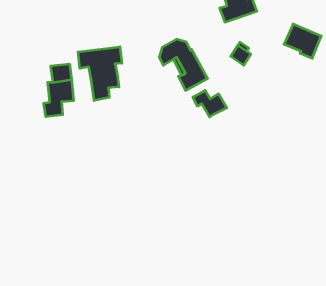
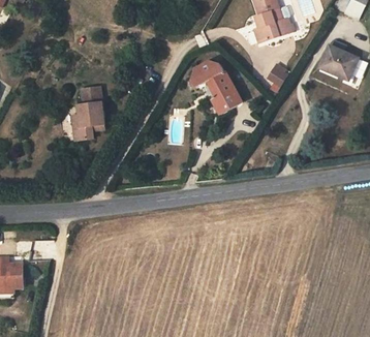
building: [78,47,122,101] -> none
building: [193,90,227,117] -> none

